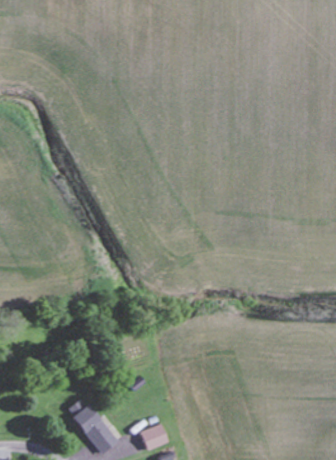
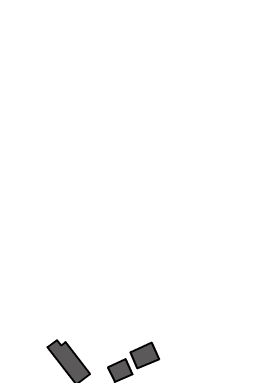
building: none -> [131,343,159,368]

